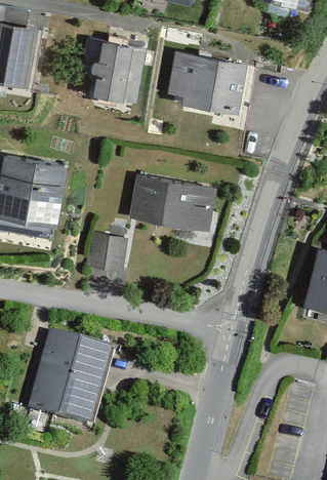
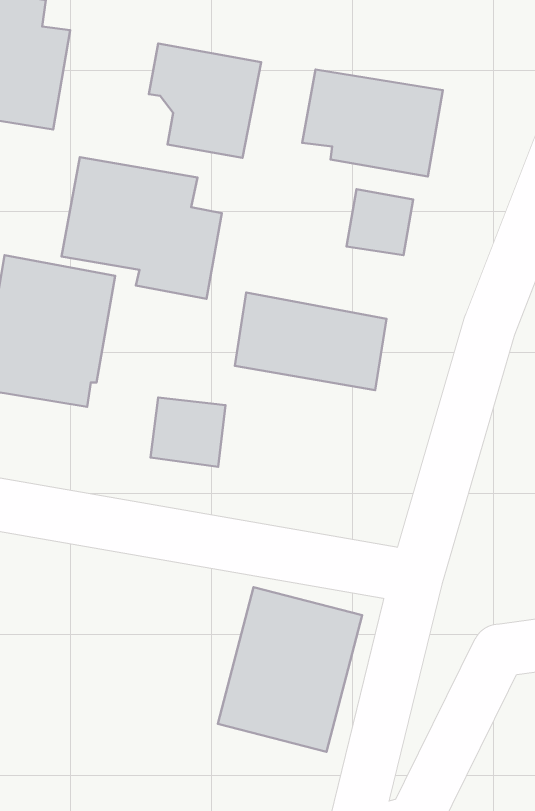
building: none -> [62,157,222,299]
building: none -> [347,189,413,255]
building: [31,332,110,423] -> [218,587,362,752]

